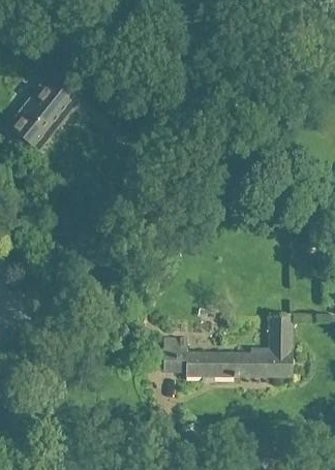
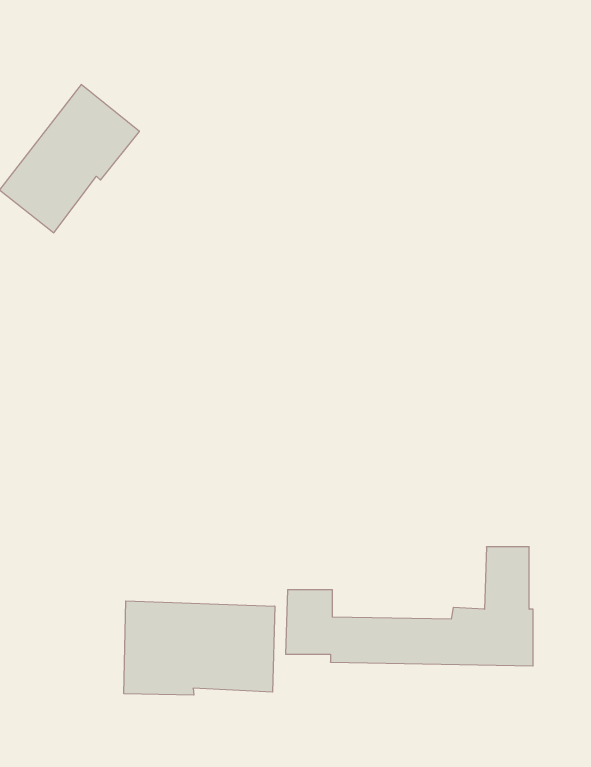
building: none -> [124,601,275,695]

